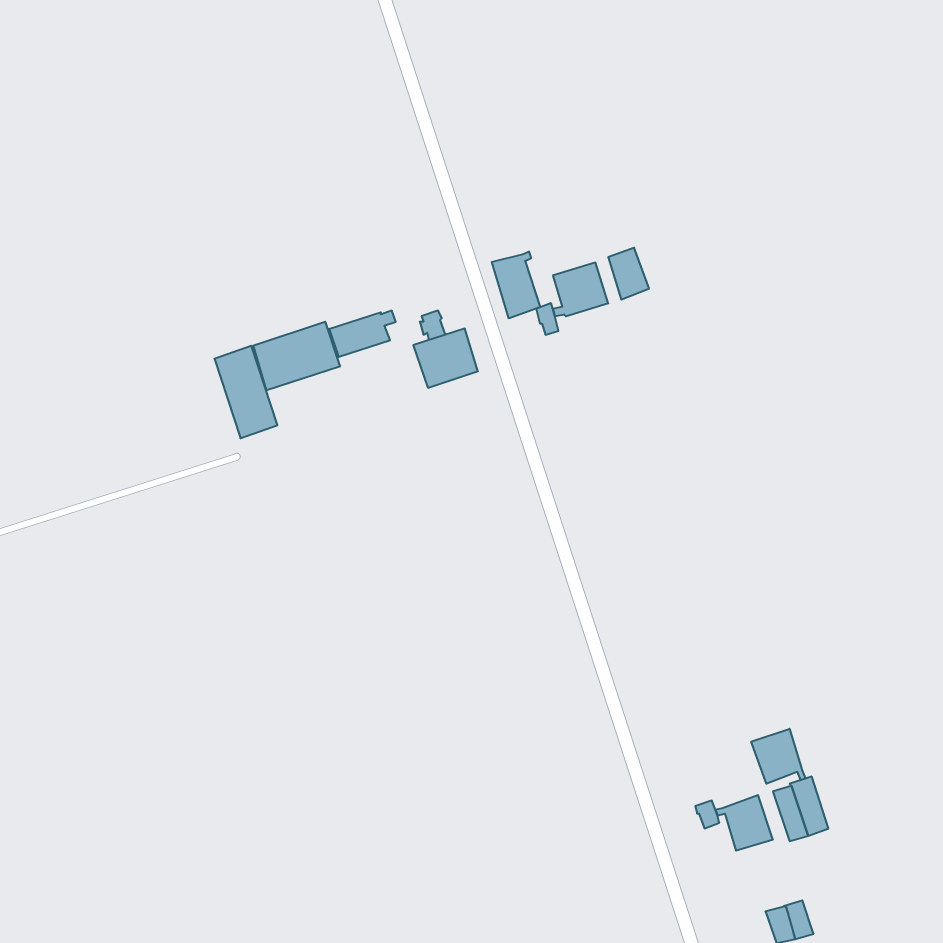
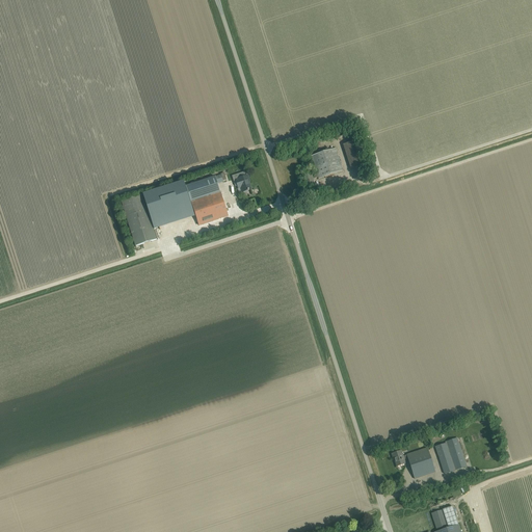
building: [492,251,540,318] -> none
building: [413,329,478,388] -> [190,191,227,224]
building: [751,729,806,784] -> none

